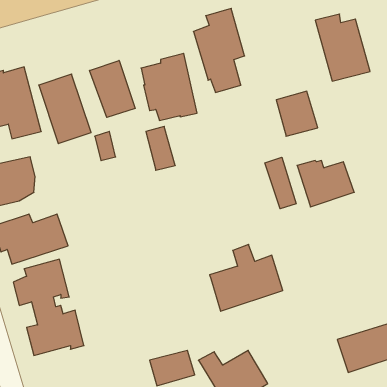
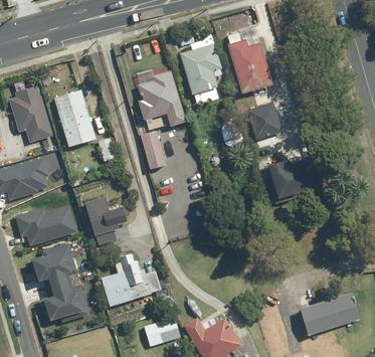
building: [315,14,370,81] -> [227,38,272,94]
building: [90,60,135,117] -> none
building: [265,157,296,209] -> none
building: none -> [83,195,132,236]
building: [210,244,283,311] -> [101,252,161,308]

